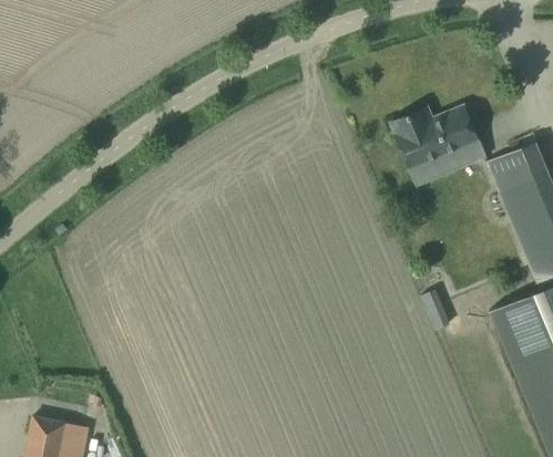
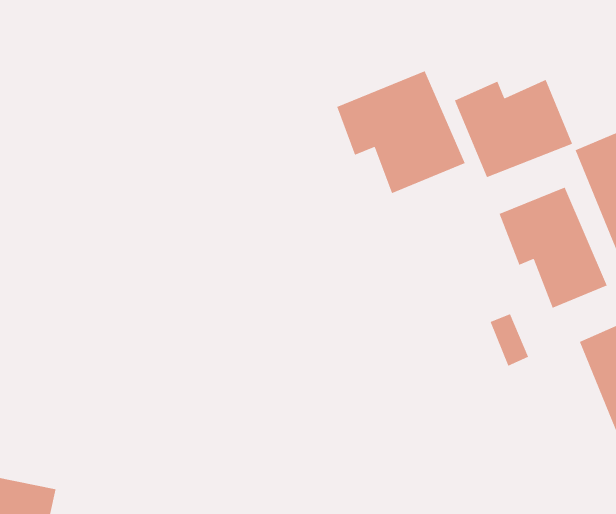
building: none -> [336,70,466,194]
building: none -> [499,186,608,309]

